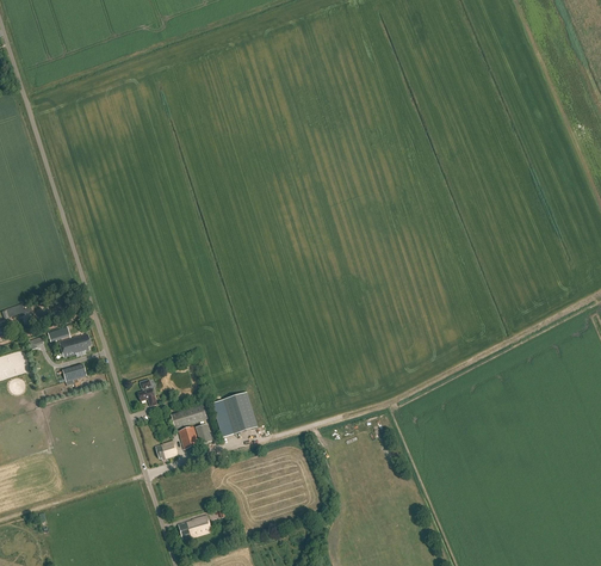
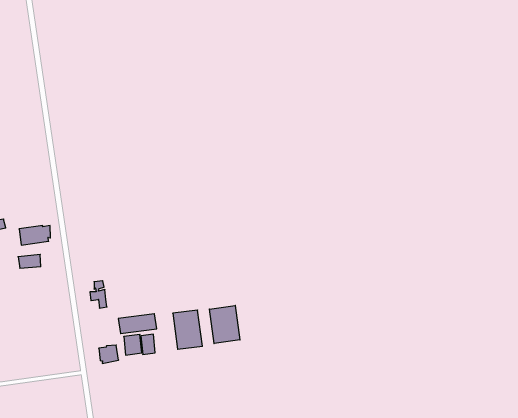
building: none -> [209,305,240,344]

